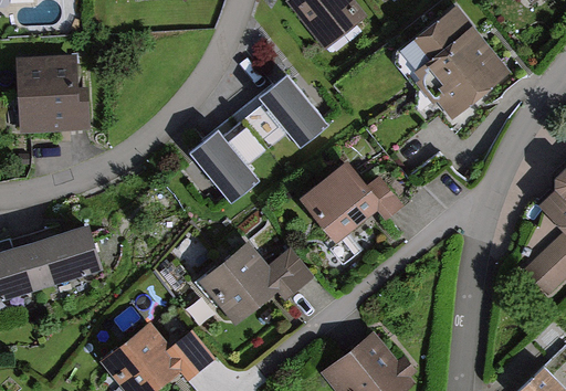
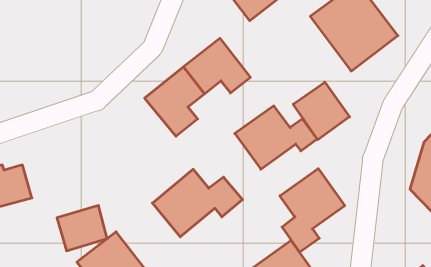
building: [19,59,92,136] -> none
building: none -> [293,82,350,140]
building: [32,221,96,278] -> [57,206,107,251]
building: none -> [280,169,345,252]

